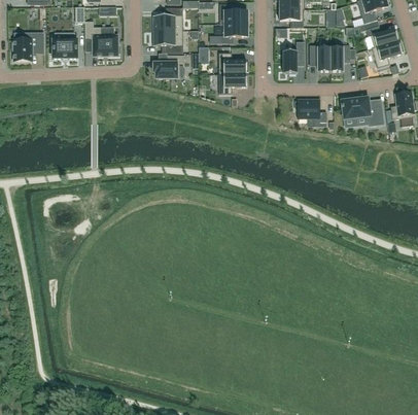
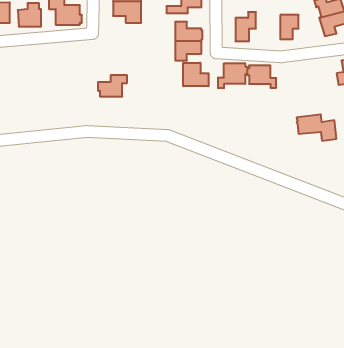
building: [310,44,330,70] -> none
building: [153,55,184,77] -> [98,75,127,97]
building: none -> [183,63,209,86]
building: none -> [218,63,247,88]
building: [342,97,384,125] -> [297,114,336,141]

